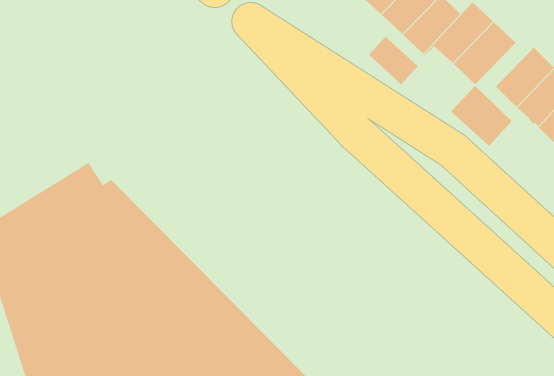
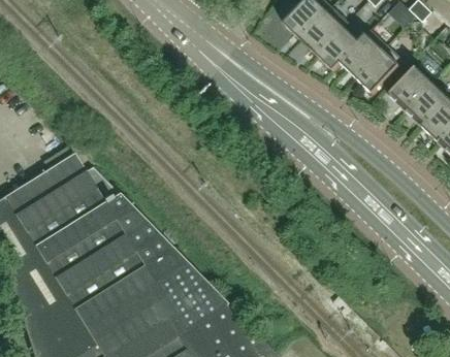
building: [368,36,418,85] -> none
building: [450,85,524,149] -> none

